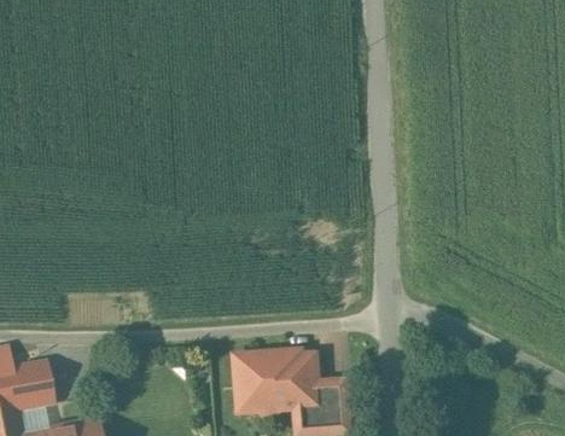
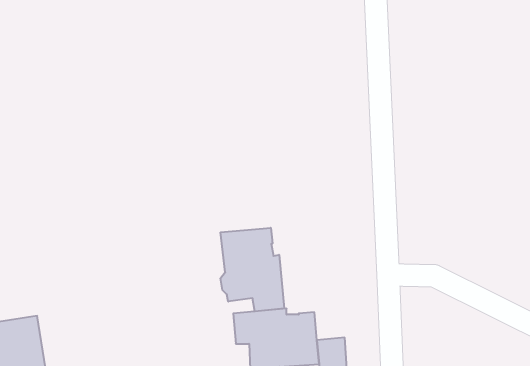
building: none -> [220,228,284,311]

